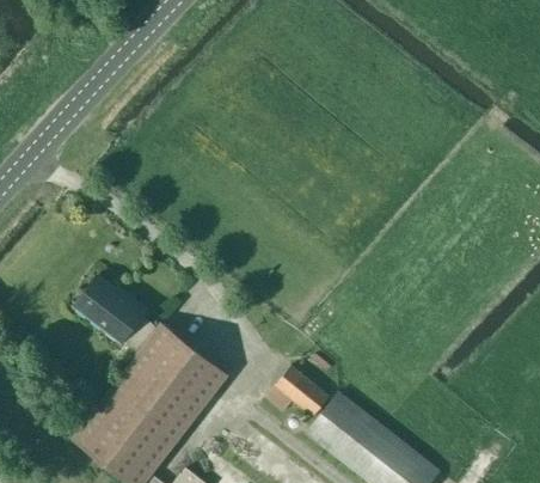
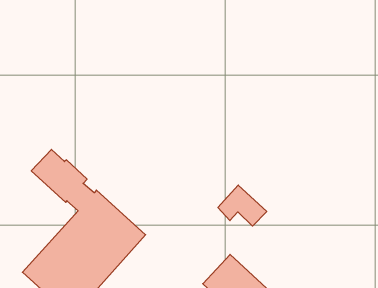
building: [265,365,329,416] -> [218,185,267,226]

